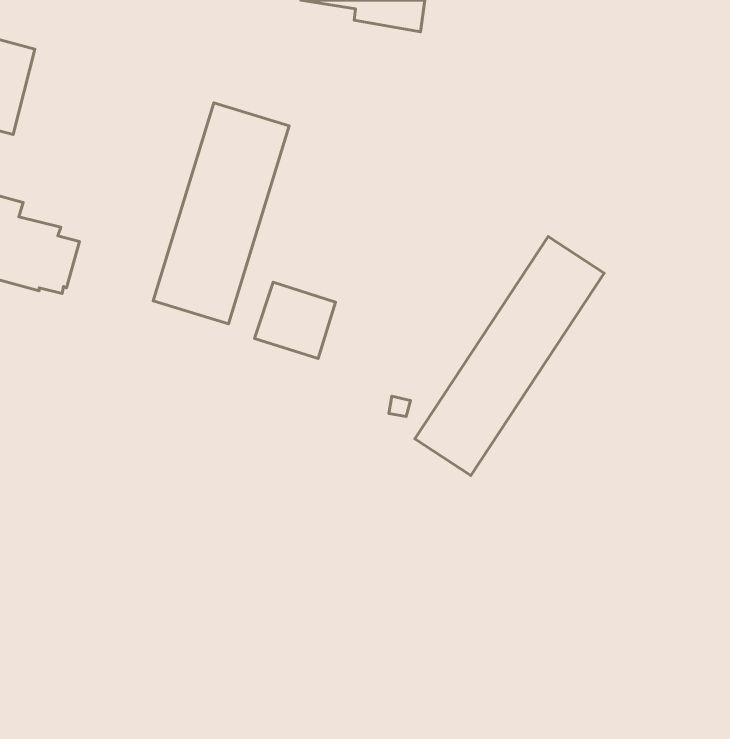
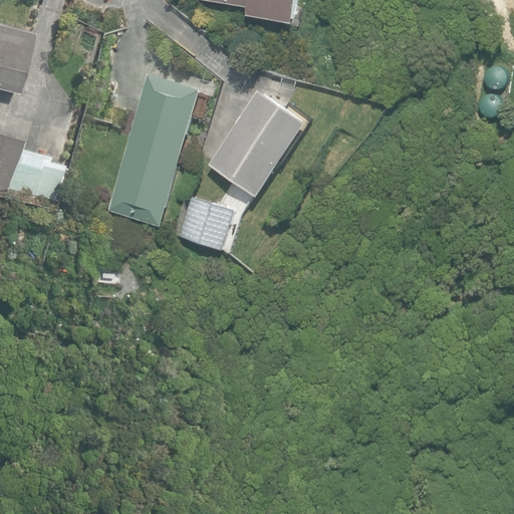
building: none -> [209,90,305,195]
building: [415,236,604,476] -> none

